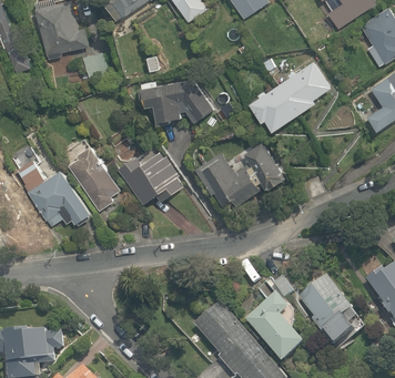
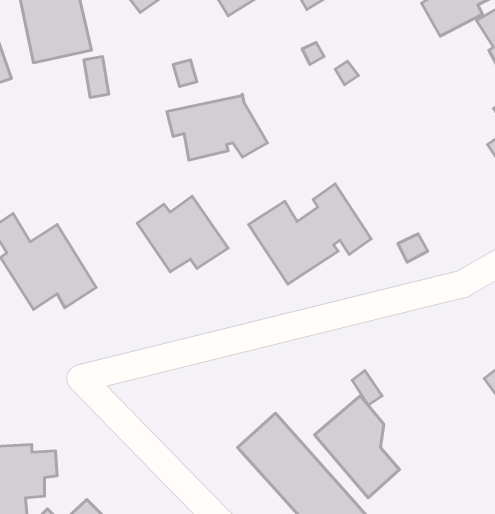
building: [251,60,333,132] -> none
building: [69,146,121,207] -> none
building: [296,272,366,348] -> none

